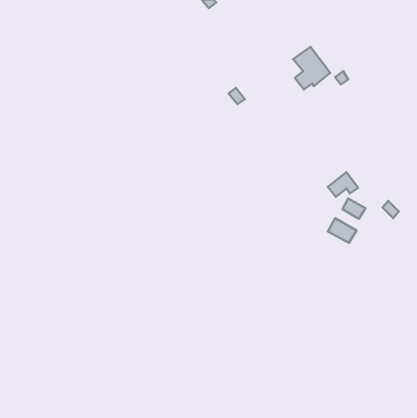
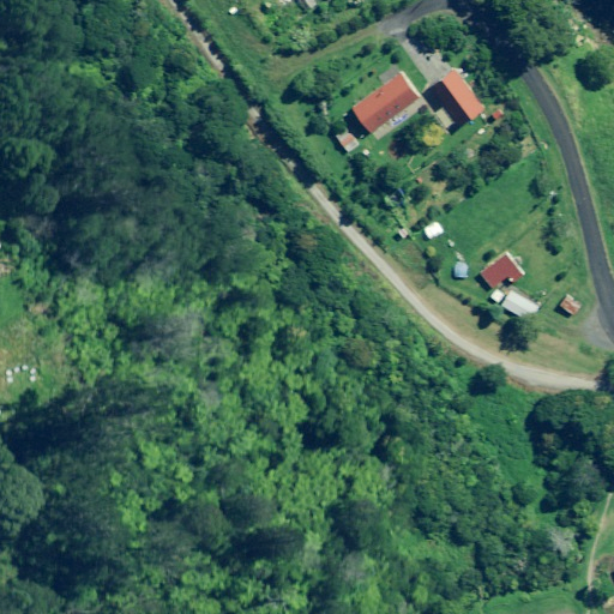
building: none -> [351,72,421,133]
building: [328,218,356,243] -> none

